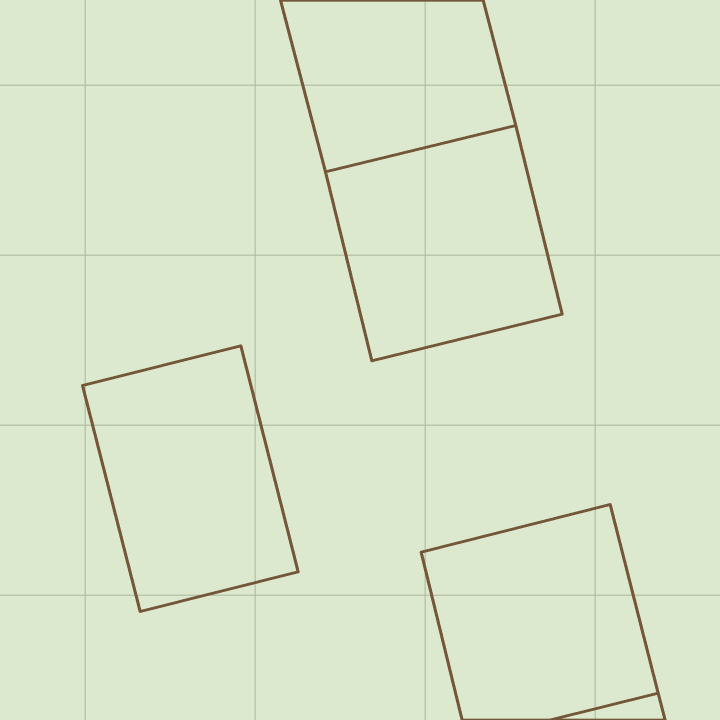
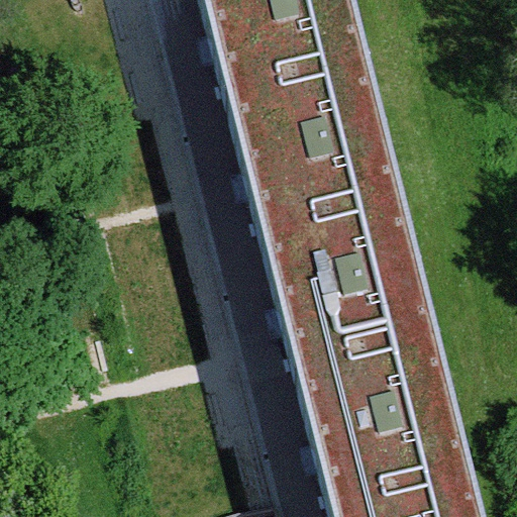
building: none -> [267,225,437,396]
building: [83,346,298,612] -> none

